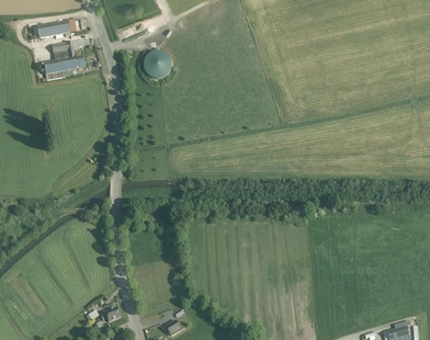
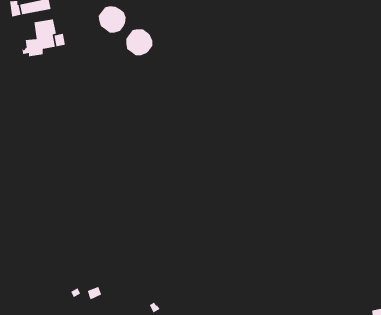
building: none -> [98,5,126,33]

